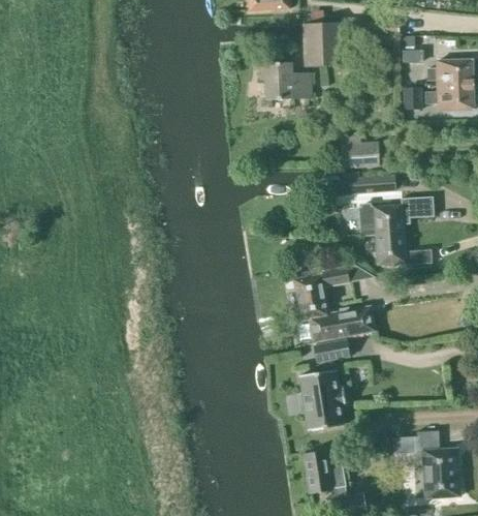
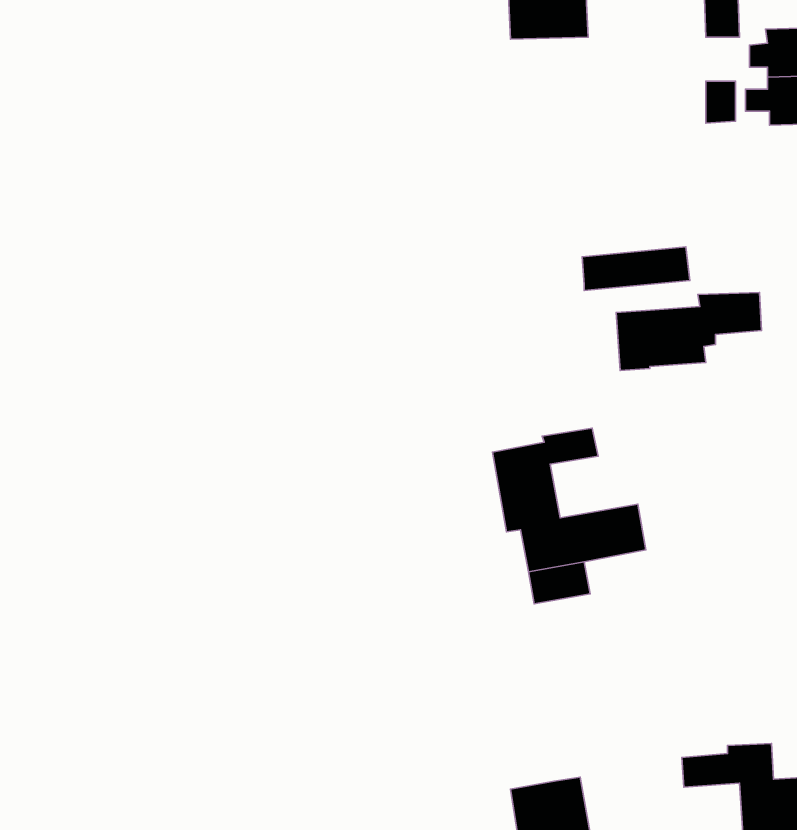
building: [263,62,311,99] -> none
building: [339,136,378,168] -> none
building: [375,233,431,264] -> none
building: [297,368,345,431] -> none

